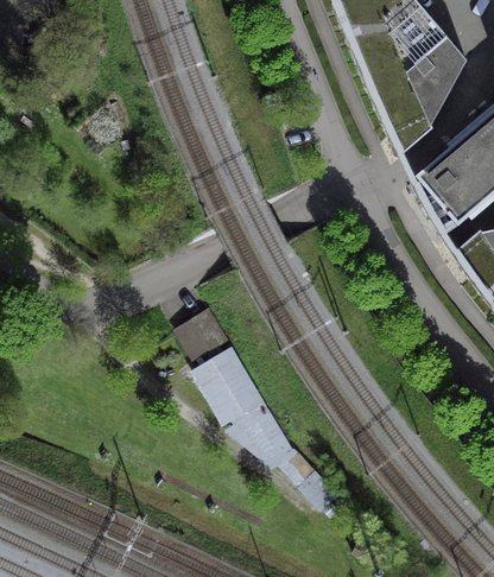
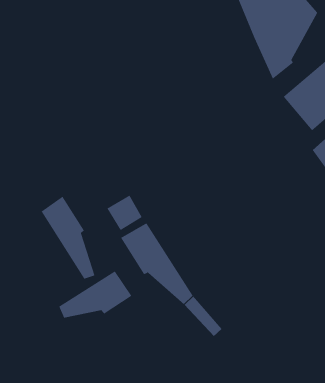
building: none -> [41,196,95,279]
building: none -> [59,271,132,319]

